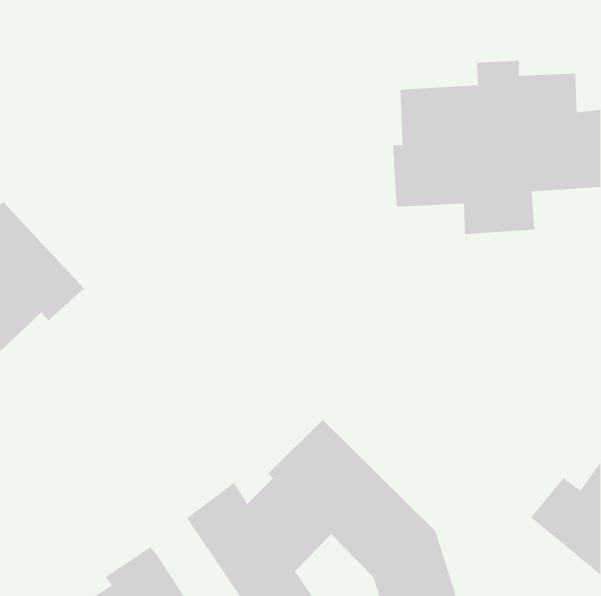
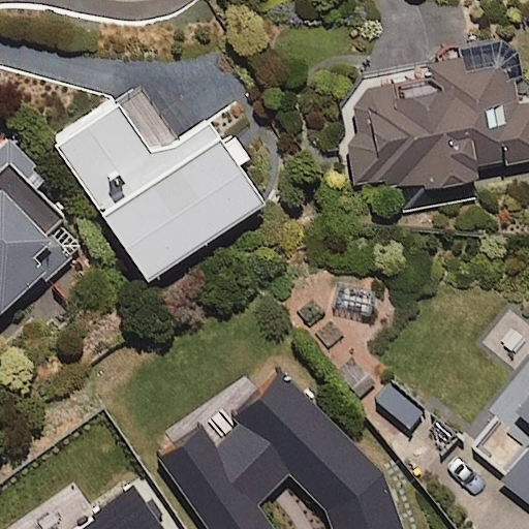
building: none -> [57,98,264,279]

